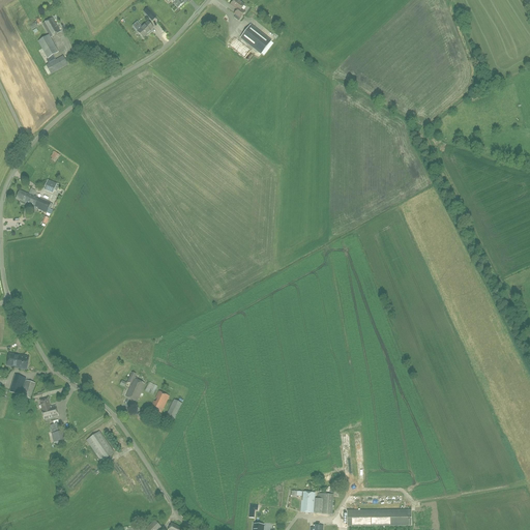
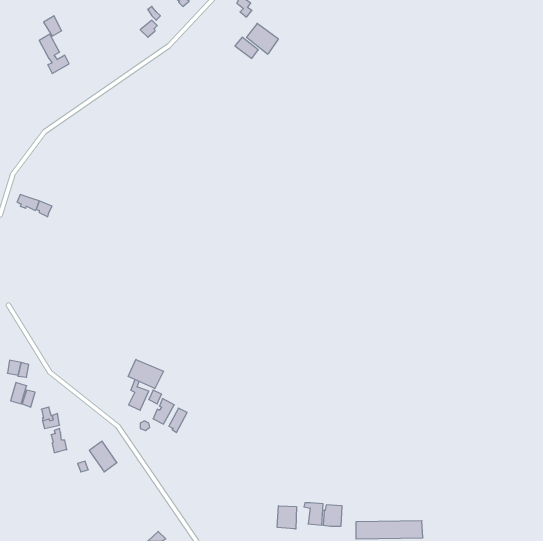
building: none -> [128,359,163,389]
building: none -> [277,506,296,529]

